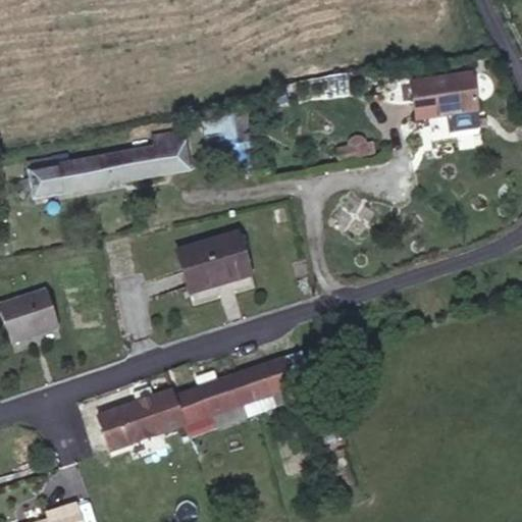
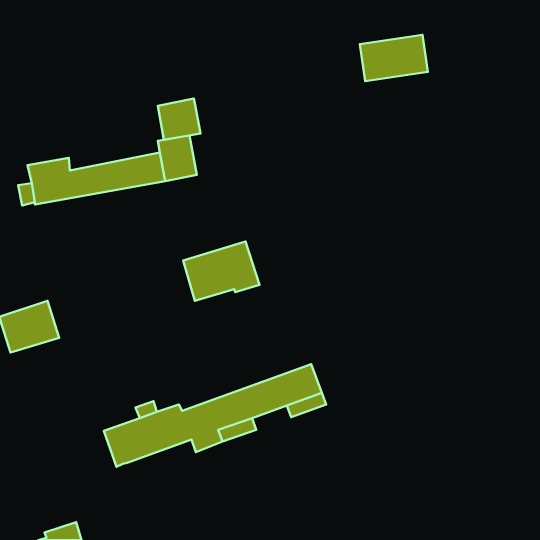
building: [412,73,477,118] -> [360,35,428,81]
building: none -> [158,99,200,140]

